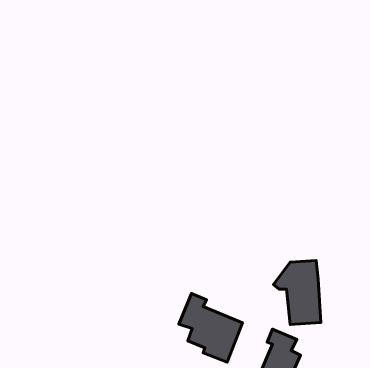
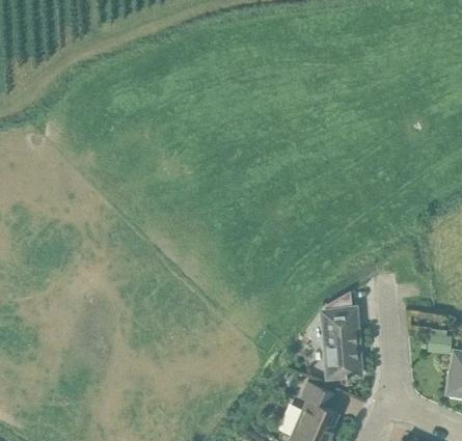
building: [179,294,243,362] -> none

